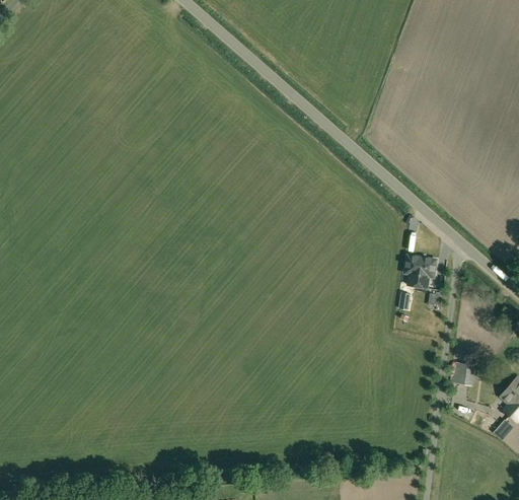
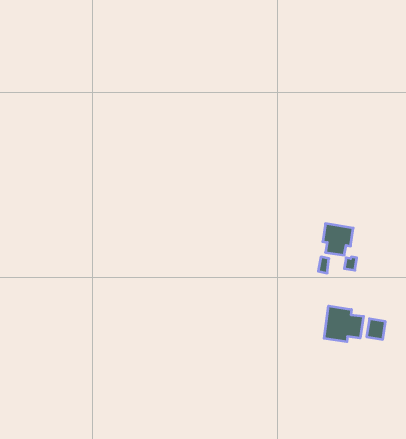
building: none -> [324,306,364,342]

